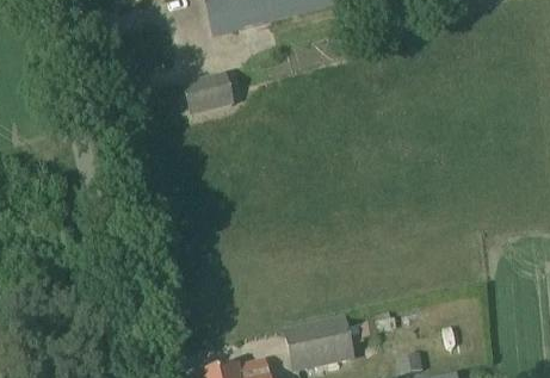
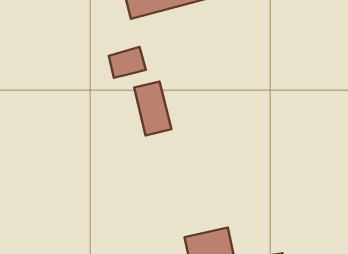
building: none -> [134,81,172,136]

